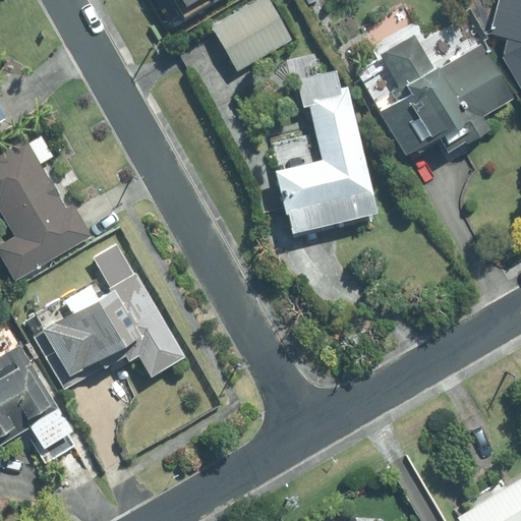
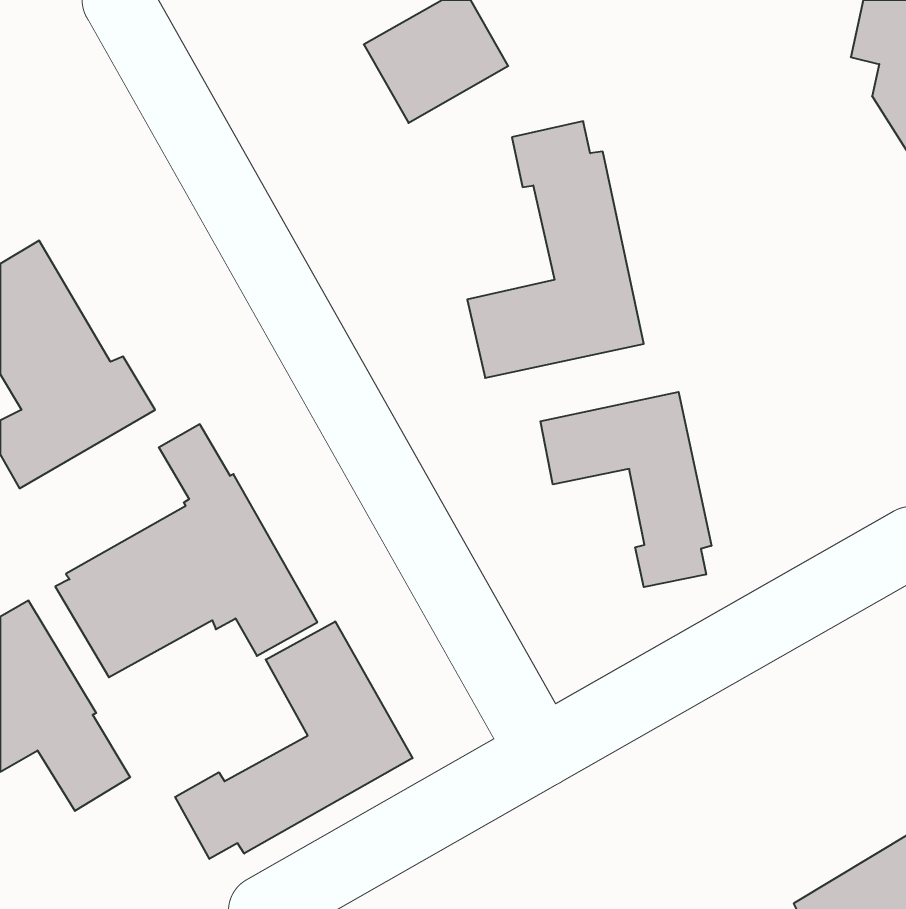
building: [377,35,512,155] -> none
building: none -> [540,392,711,587]
building: none -> [175,621,413,859]

